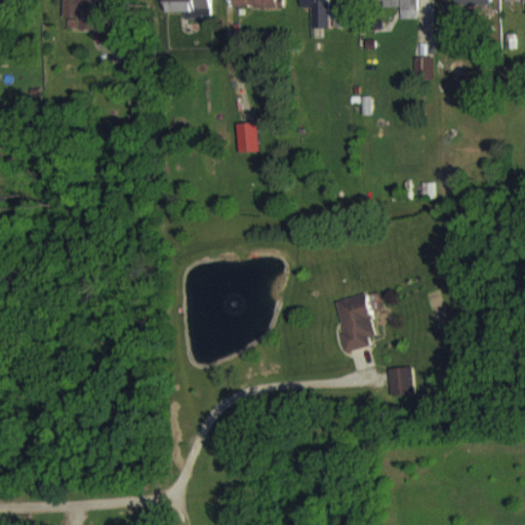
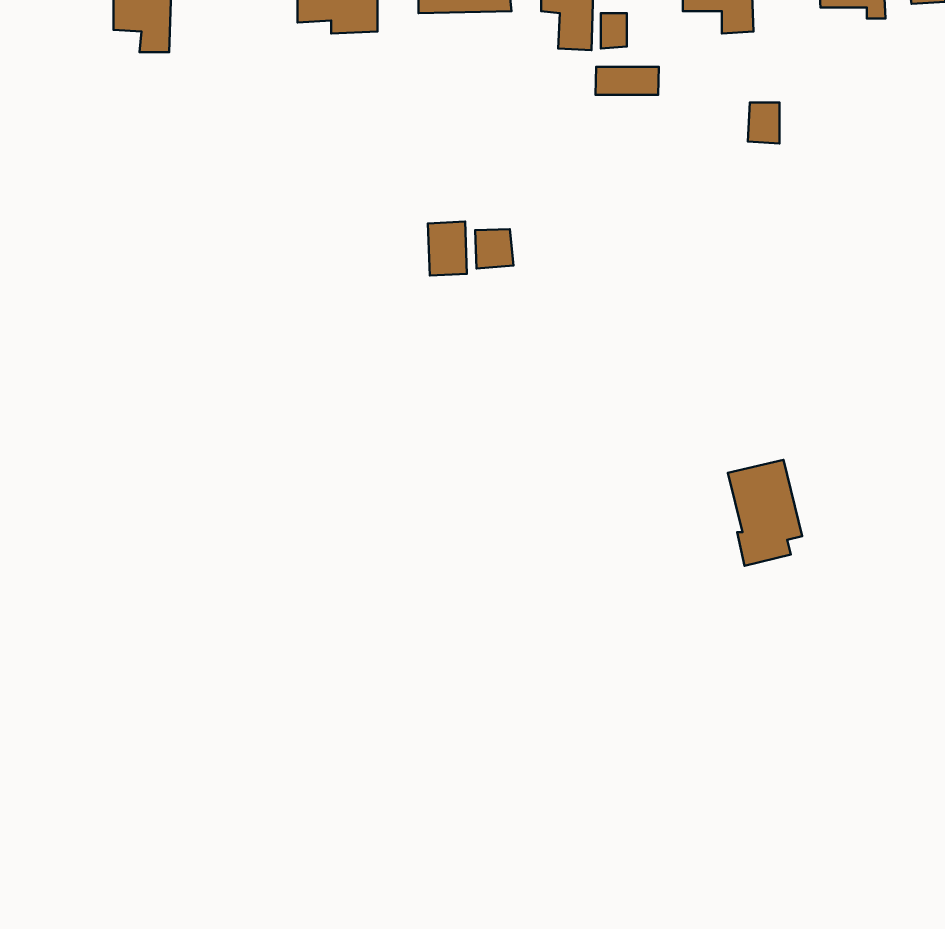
building: none -> [595,67,659,95]
building: none -> [475,229,513,268]
building: [334,293,375,352] -> [728,460,802,566]
building: [388,366,412,396] -> none

